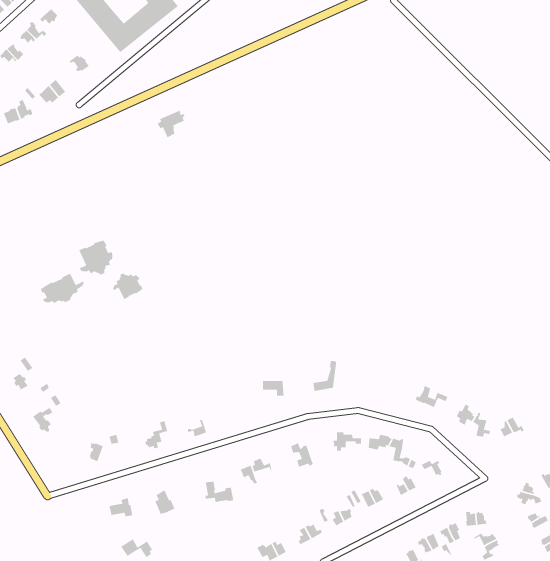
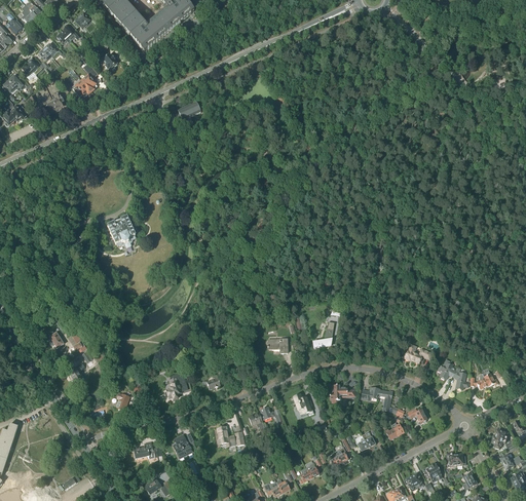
building: [112,273,143,300] -> none
building: [40,273,85,304] -> none

